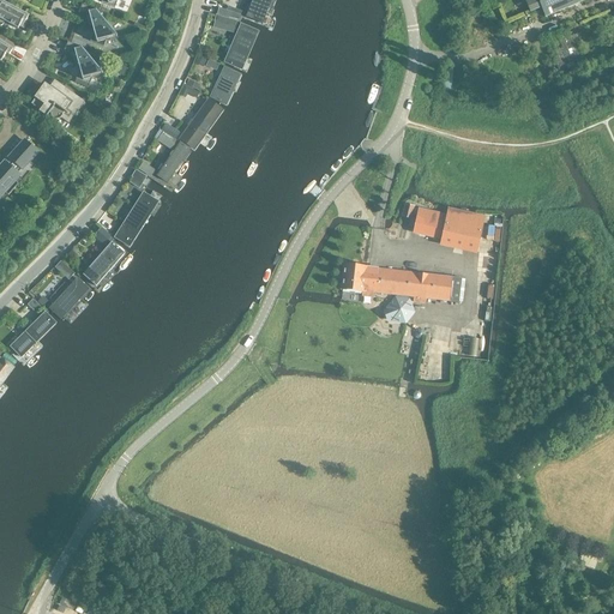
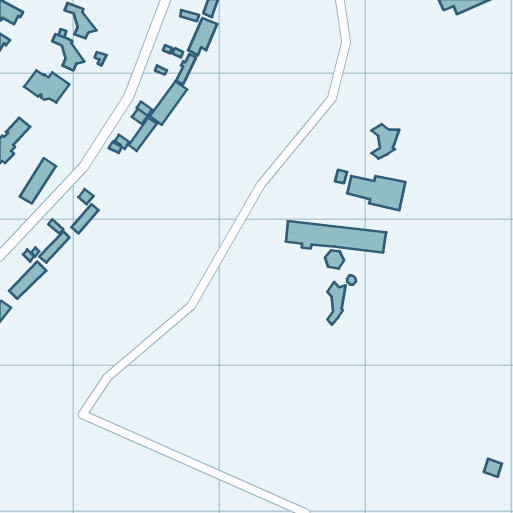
building: none -> [371,124,399,159]
building: [114,192,157,246] -> [20,158,56,203]
building: none -> [327,282,346,325]

